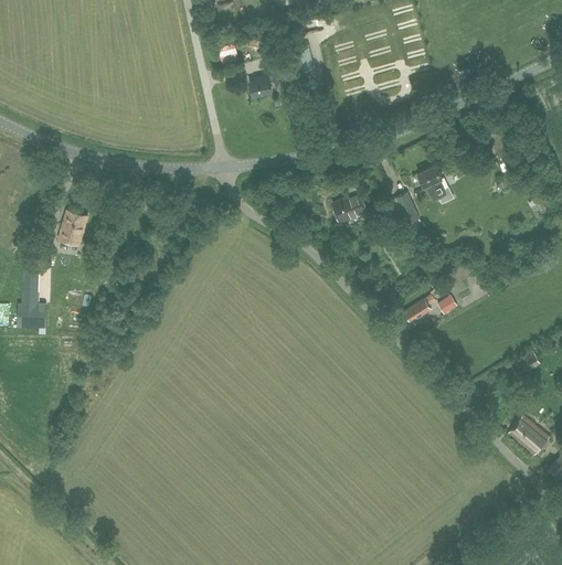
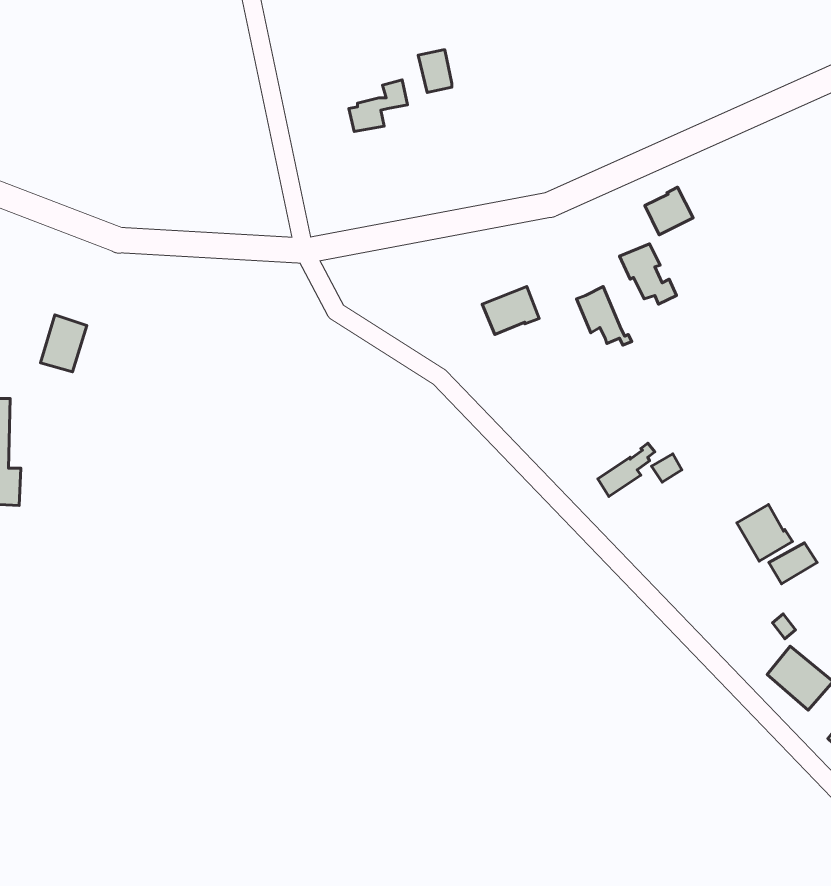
building: none -> [645,187,693,235]
building: none -> [737,505,792,561]

